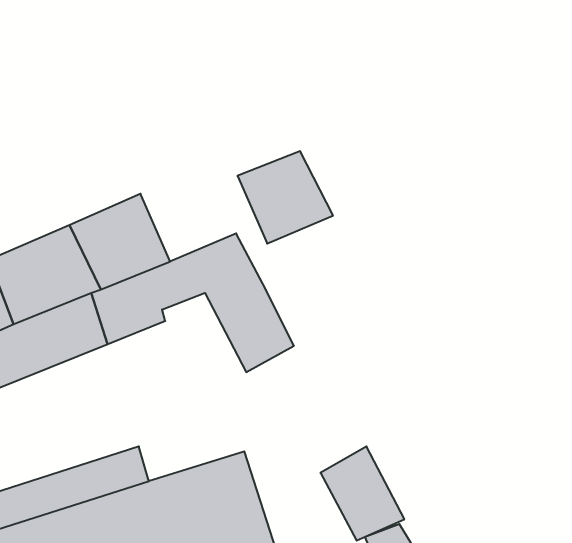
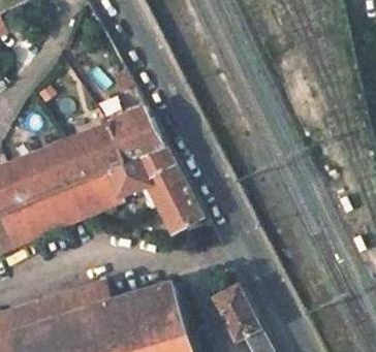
building: [237,151,333,244] -> [104,107,164,165]

